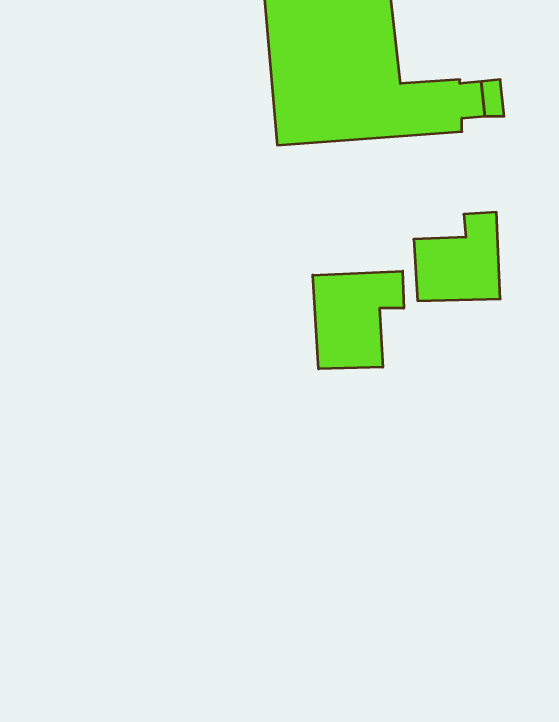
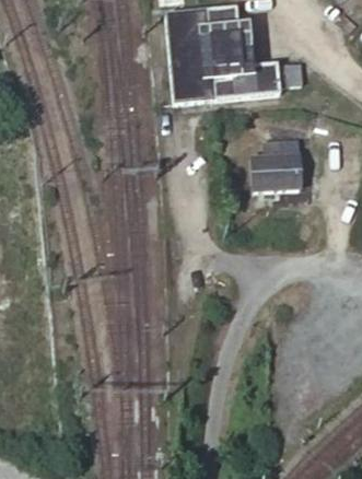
building: [313,271,404,369] -> none

